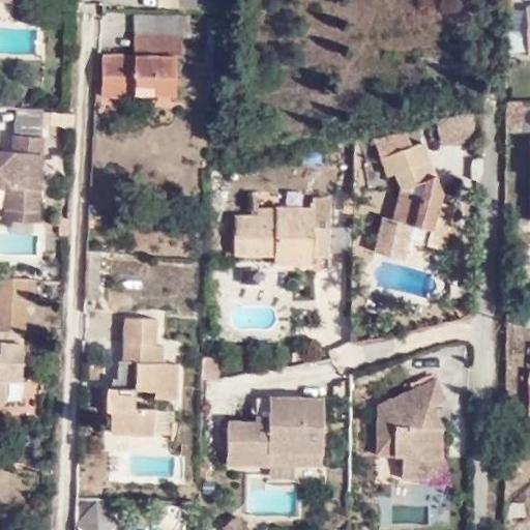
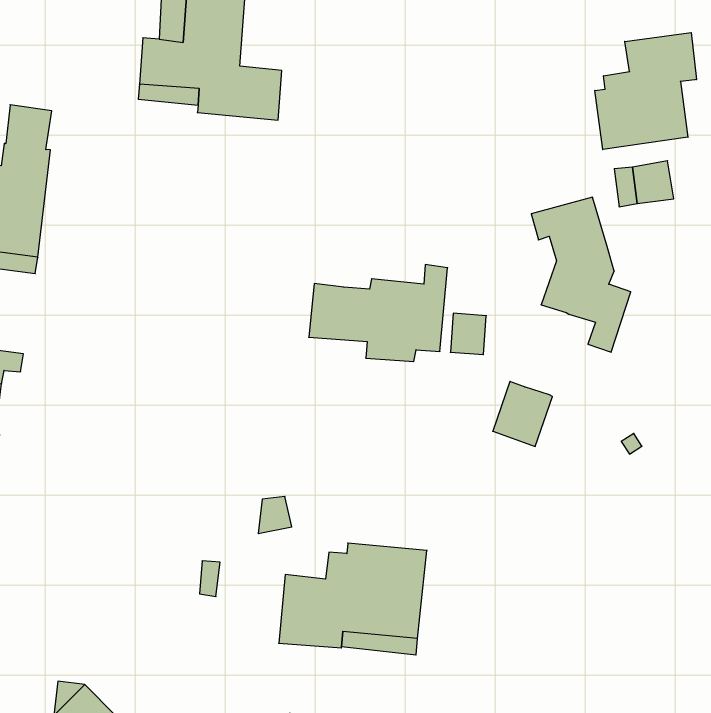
building: none -> [595,33,696,150]
building: [371,217,410,261] -> [493,381,552,446]
building: [96,314,177,432] -> none
building: [376,377,448,480] -> none

